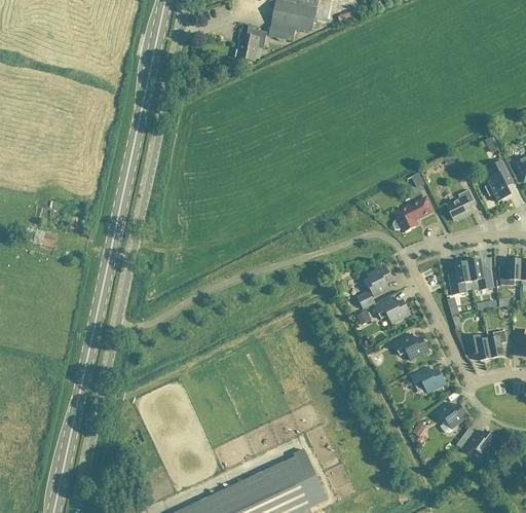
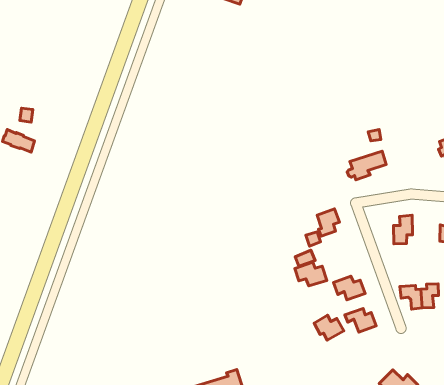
building: [446,188,474,219] -> none
building: [467,258,493,290] -> none
building: [374,296,410,322] -> [295,262,327,286]
building: [435,401,467,428] -> [314,315,344,340]

